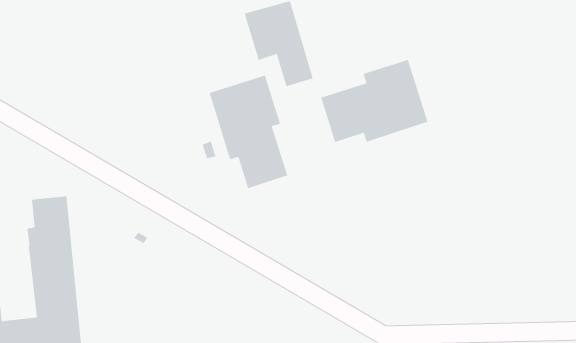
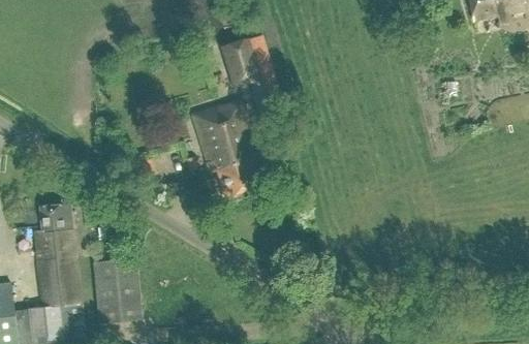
building: [321,59,428,143] -> none
building: none -> [92,258,142,324]

